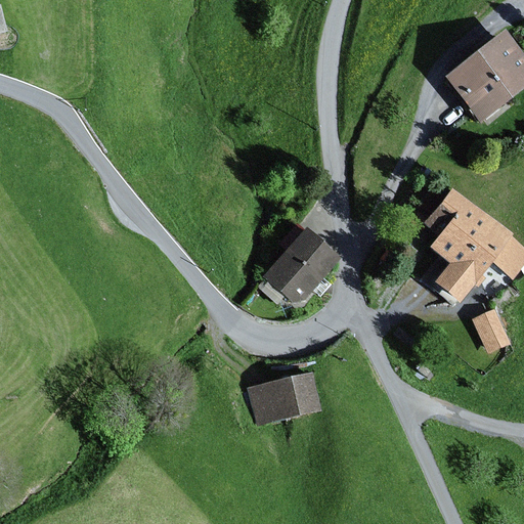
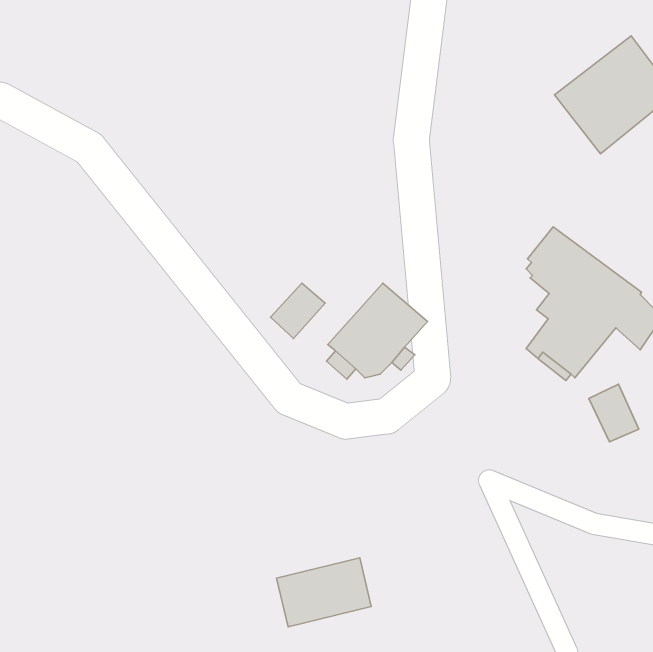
building: none -> [271,283,325,339]
building: [248,370,323,426] -> [276,558,371,627]

